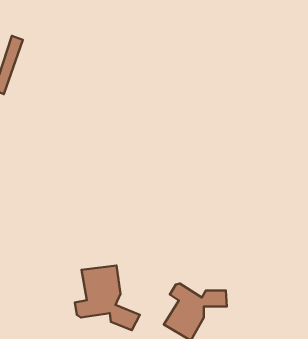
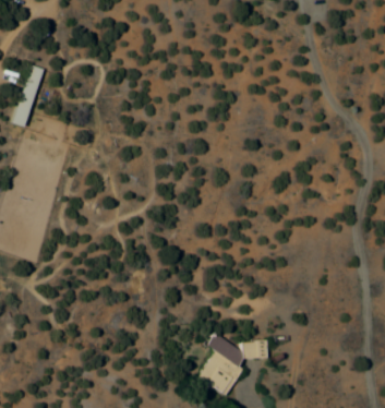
building: [75,265,140,330] -> none

